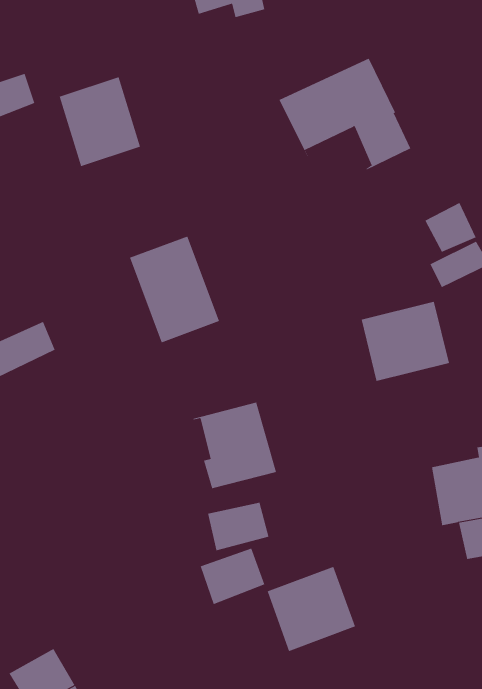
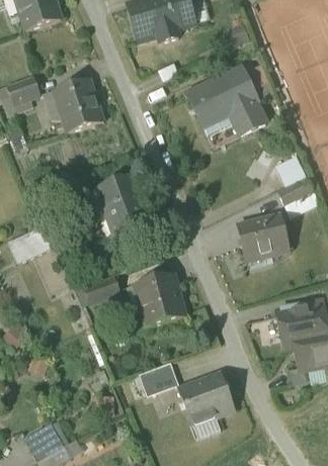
building: none -> [83,275,119,302]
building: [207,502,269,551] -> none

